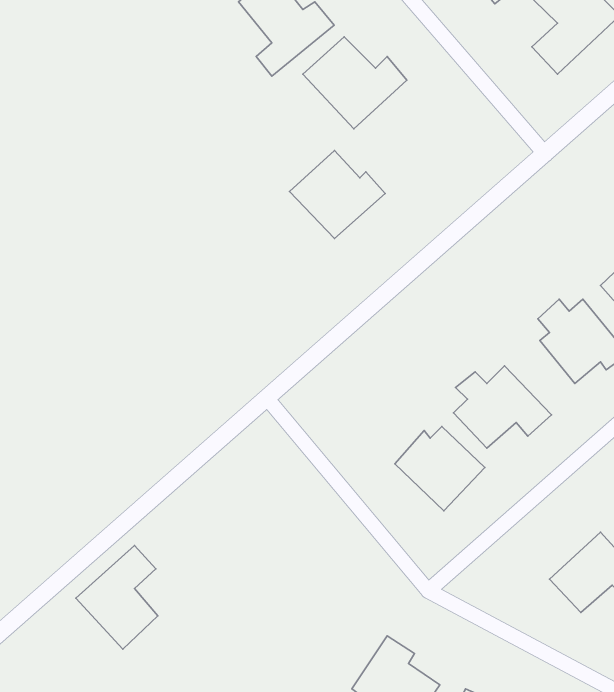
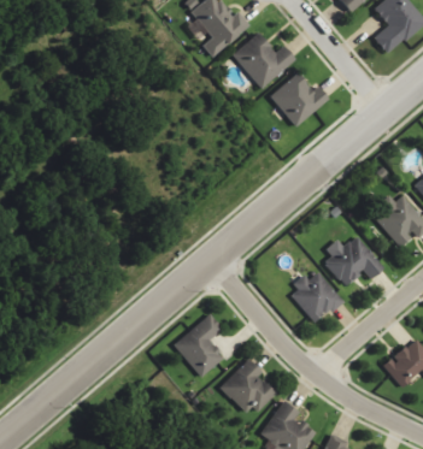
building: [289,150,385,238] -> [269,72,328,126]
building: [76,545,158,649] -> [172,313,223,377]
building: none -> [219,359,274,416]

